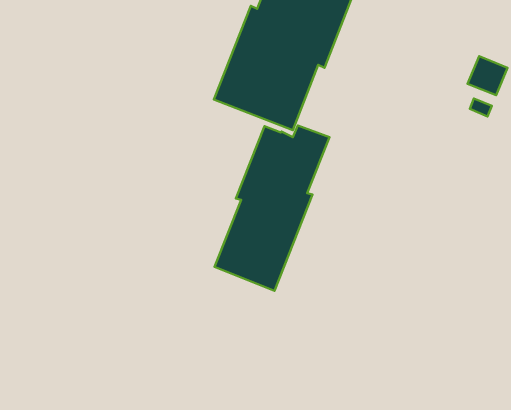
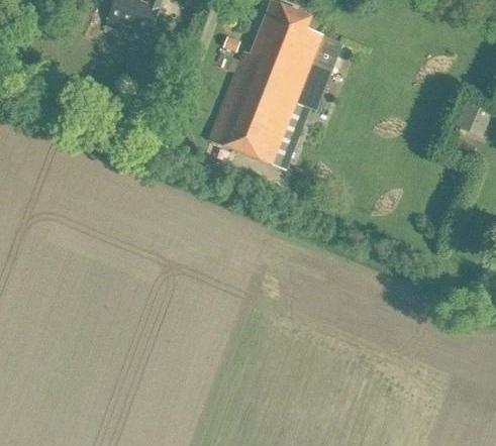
building: [215,125,330,291] -> none

